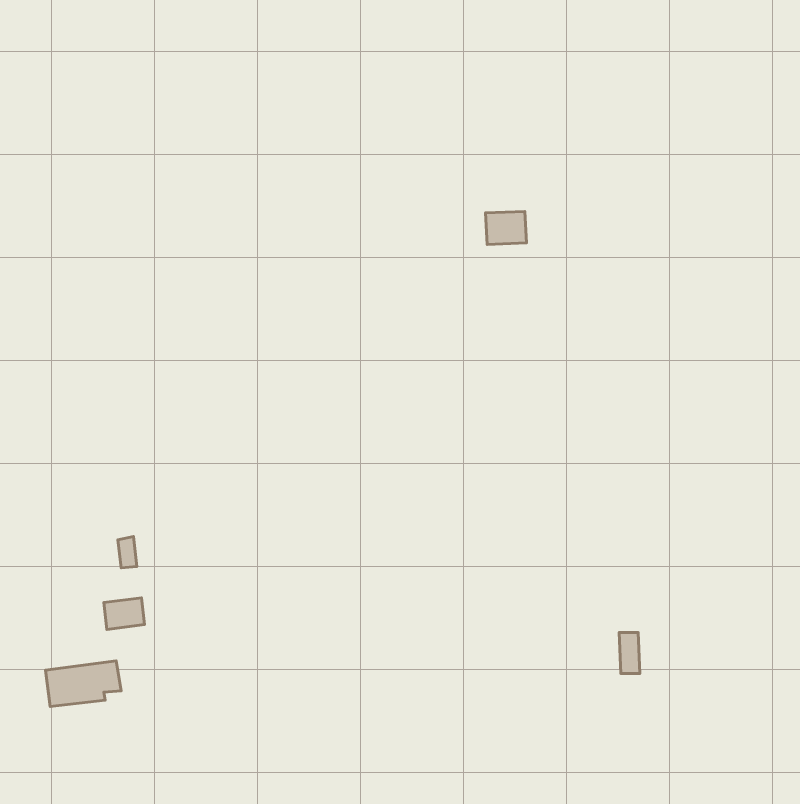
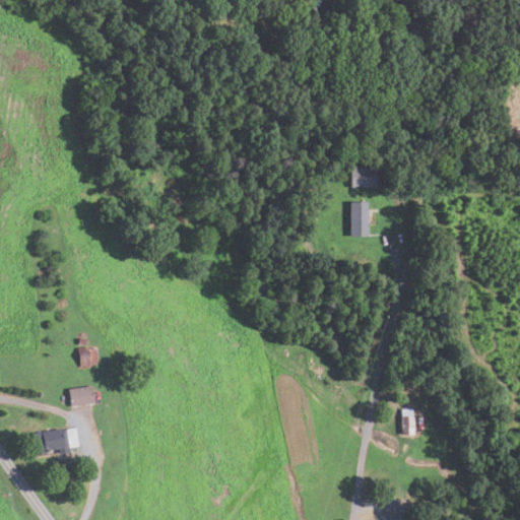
building: [486,211,526,244] -> [351,166,378,187]
building: none -> [350,201,369,237]

